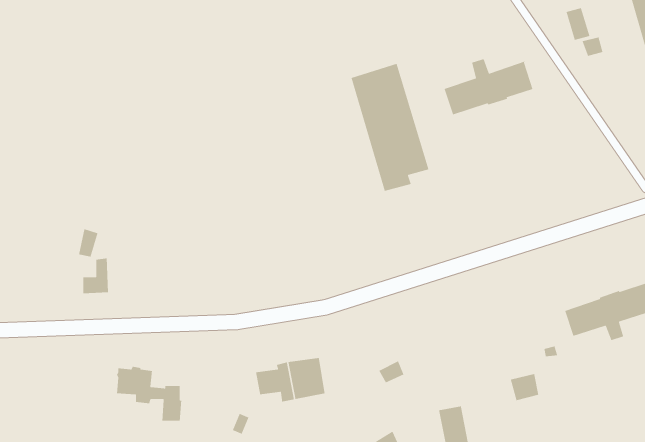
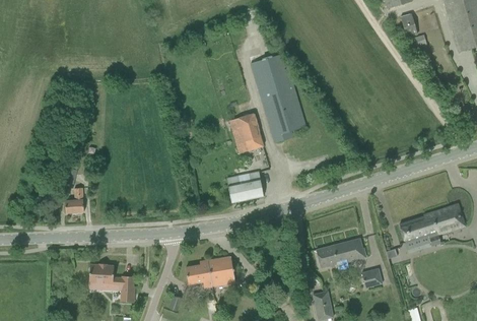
building: [444,58,534,115] -> none
building: none -> [228,113,263,153]
building: none -> [226,172,263,202]
building: none -> [316,239,366,268]

